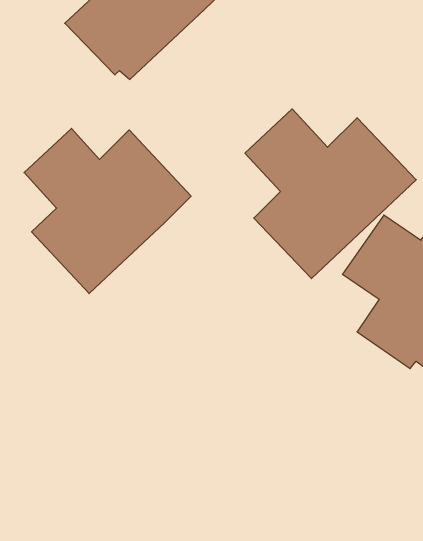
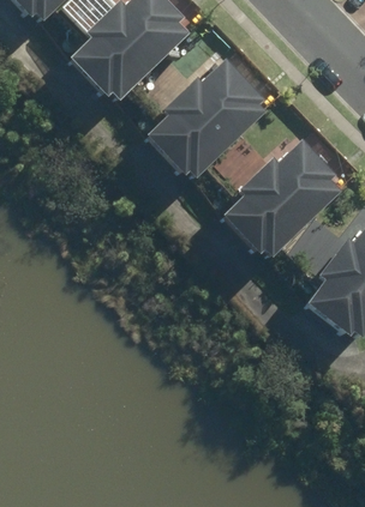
building: [24,128,191,294] -> [137,50,273,185]

